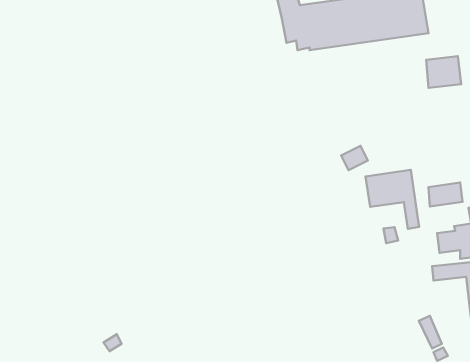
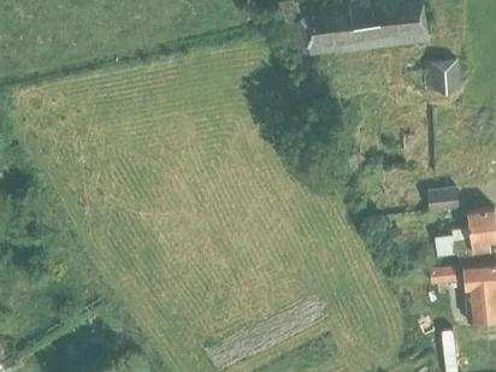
building: [366,170,419,229] -> none

